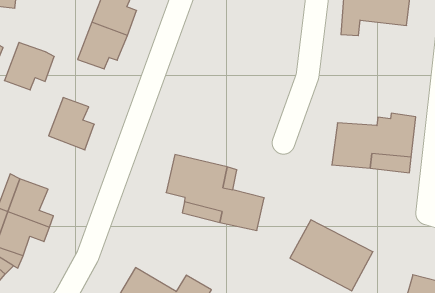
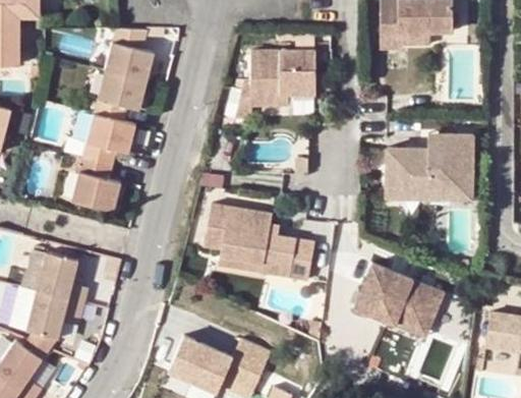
building: none -> [235,55,316,121]
building: [4,42,54,90] -> [83,114,135,165]

